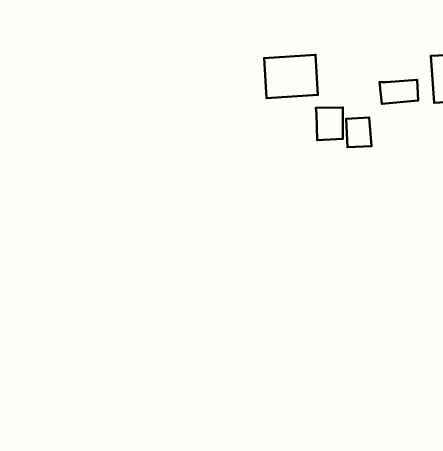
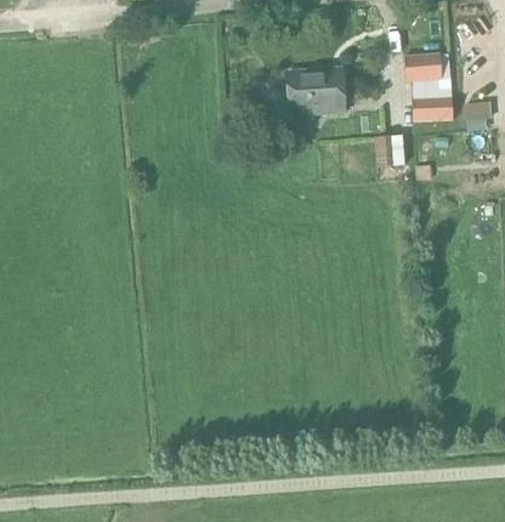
building: none -> [404,52,441,81]
building: [316,107,343,140] -> none

